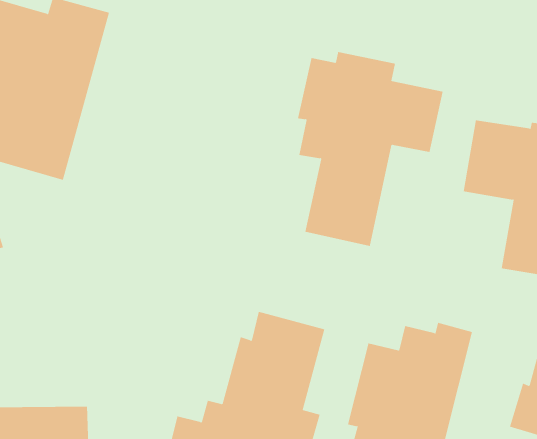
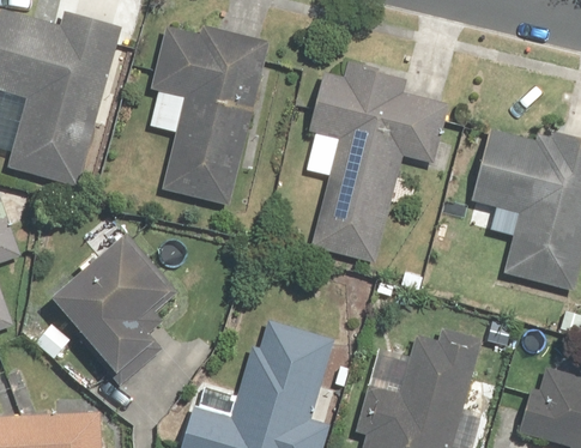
building: none -> [147,24,270,211]
building: none -> [31,231,171,376]

